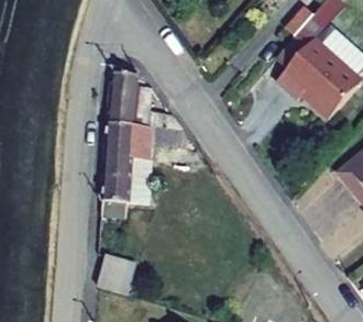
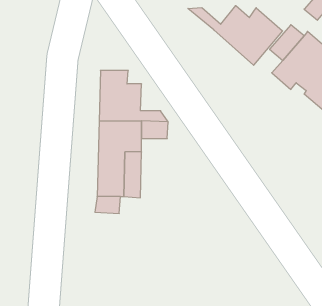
building: none -> [188,6,283,65]
building: [102,259,140,298] -> none

